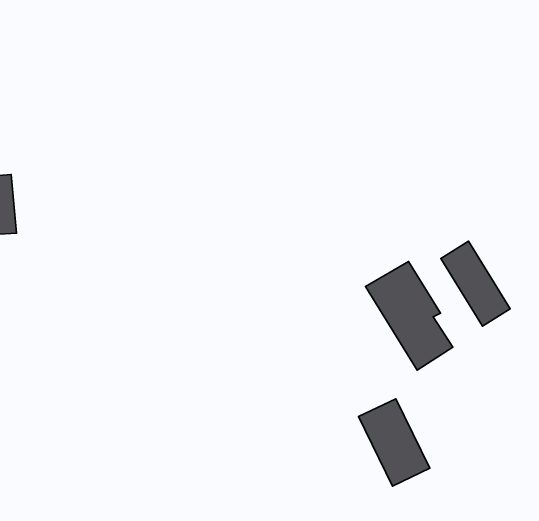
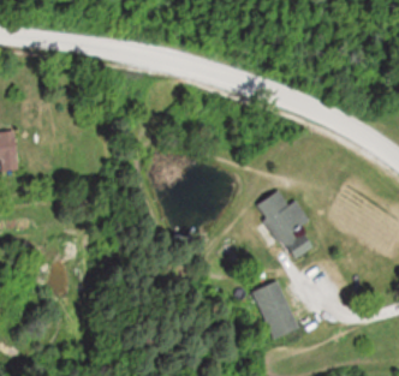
building: [441,241,510,326] -> none

